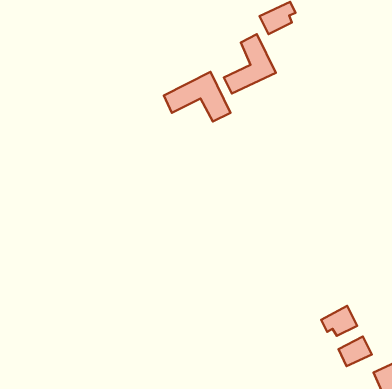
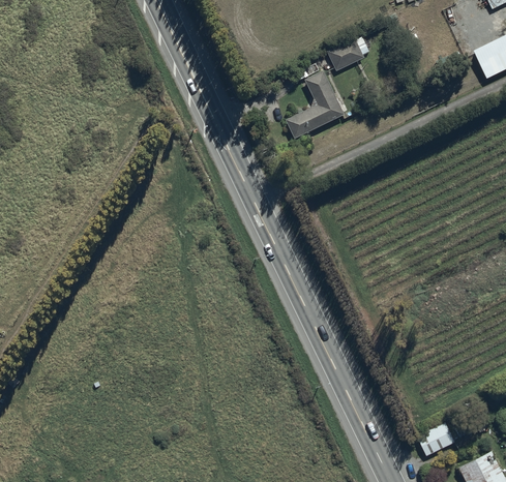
building: [164,72,230,121] -> none
building: [321,306,357,336] -> none

